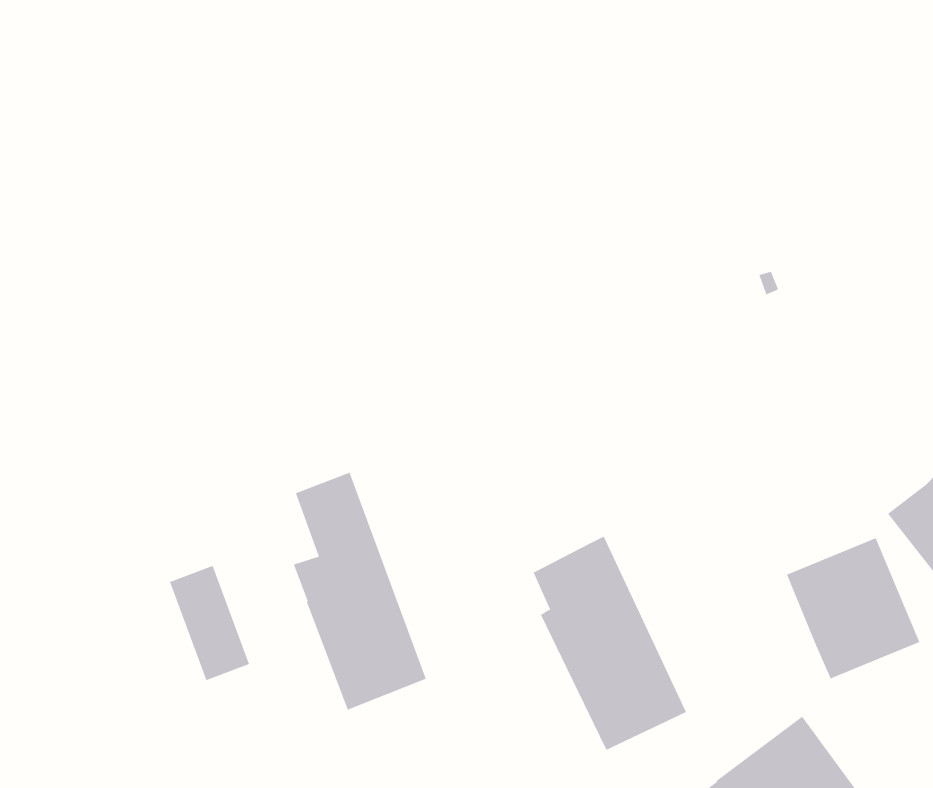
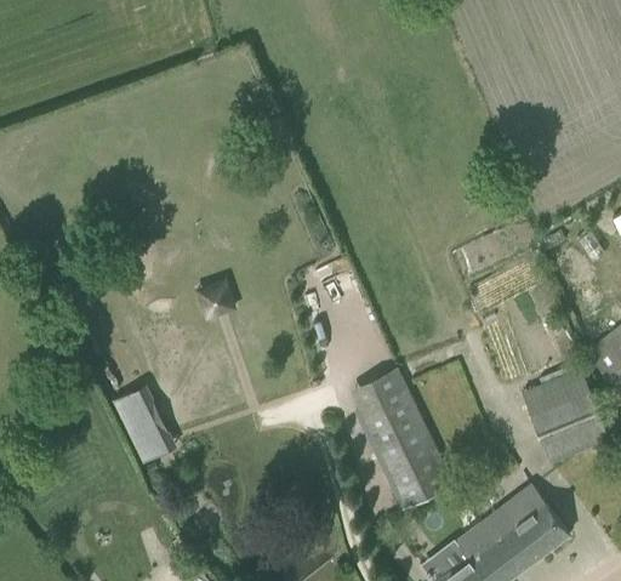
building: [293,472,427,711] -> none

